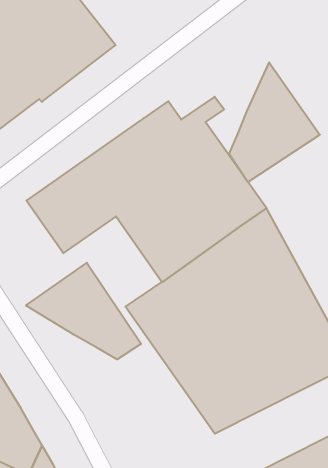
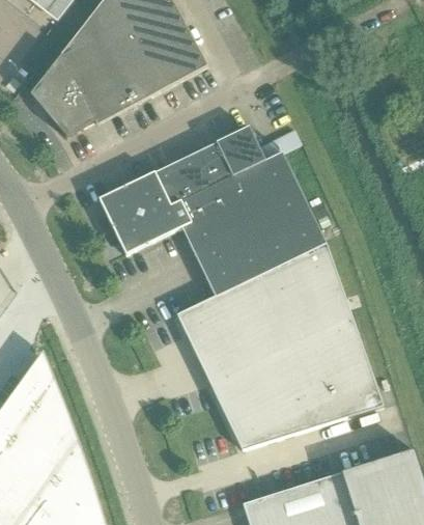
building: [229,62,320,182] -> none
building: [26,263,141,359] -> none

